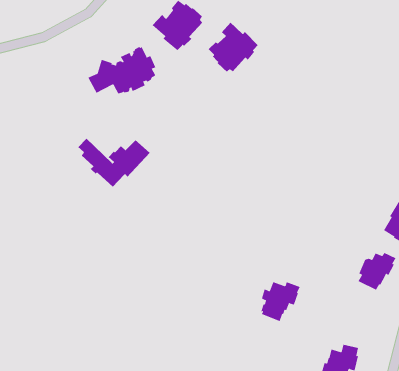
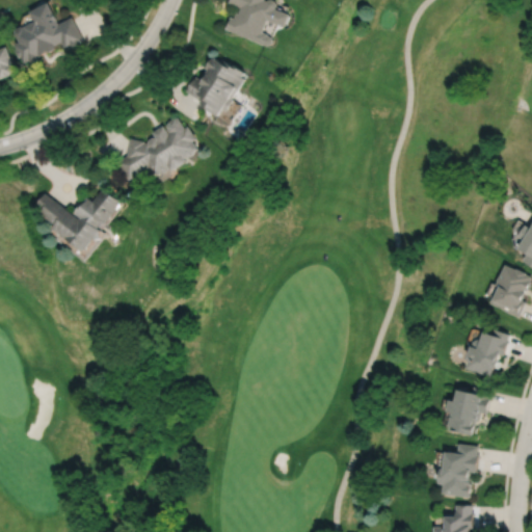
building: [208,22,258,72] -> none
building: [78,138,150,187] -> [34,189,122,249]
building: [260,281,300,322] -> [445,385,489,434]

